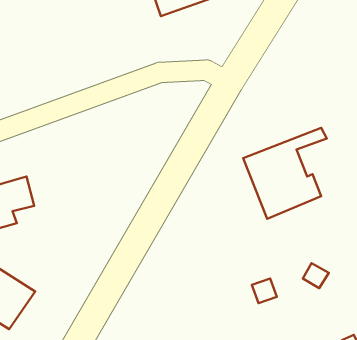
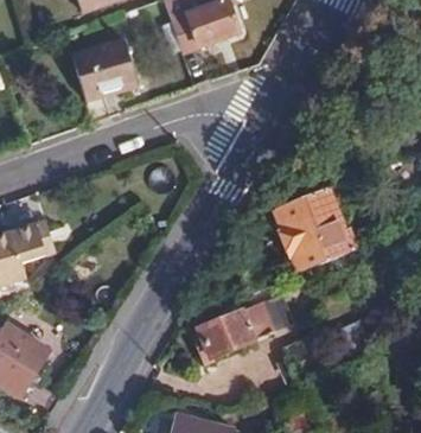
building: none -> [75,47,138,101]
building: none -> [186,303,273,361]

